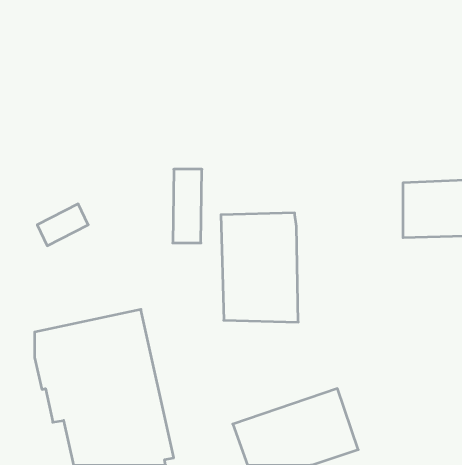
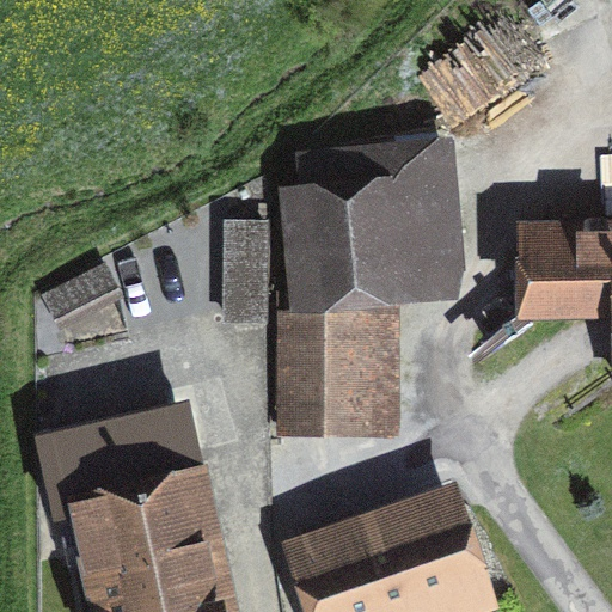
building: none -> [292,145,460,282]

